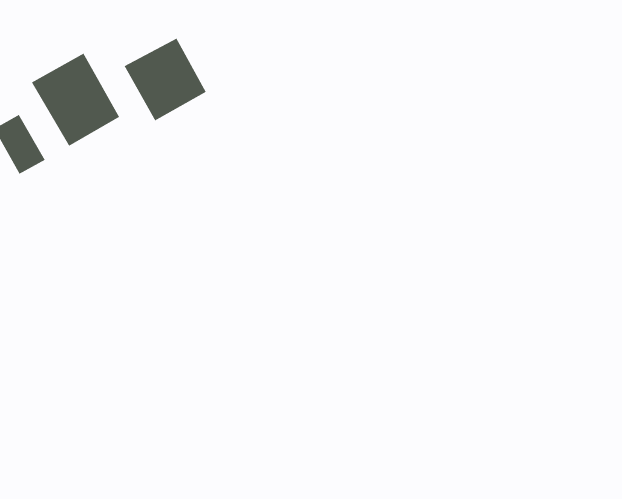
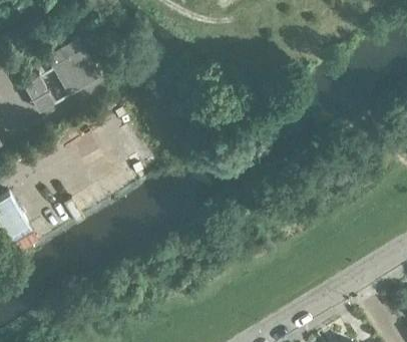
building: [123,38,207,122] -> none

